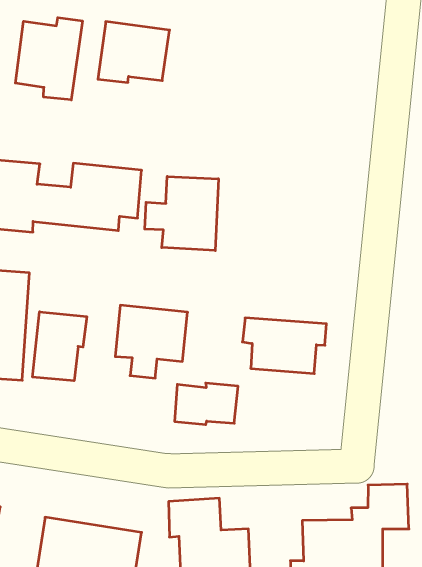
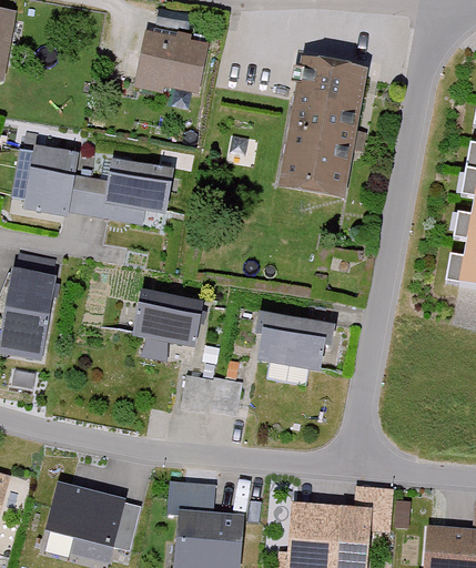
building: [15,18,82,100] -> none
building: none -> [277,55,367,194]
building: [145,176,218,251] -> none
building: [33,312,87,381] -> none

